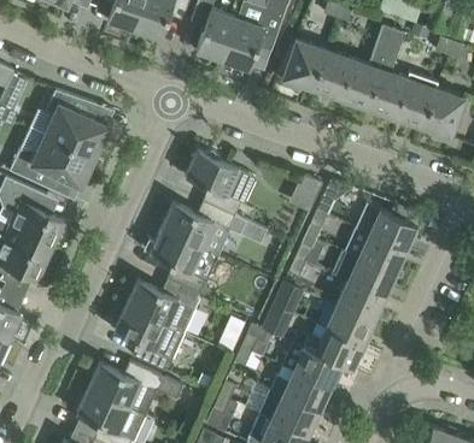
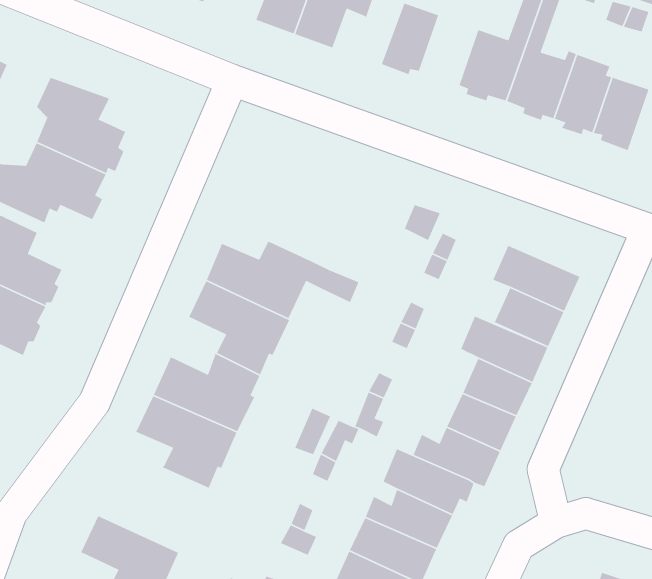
building: [308,48,347,98] -> none
building: [185,150,241,215] -> none
building: [88,361,183,414] -> none

